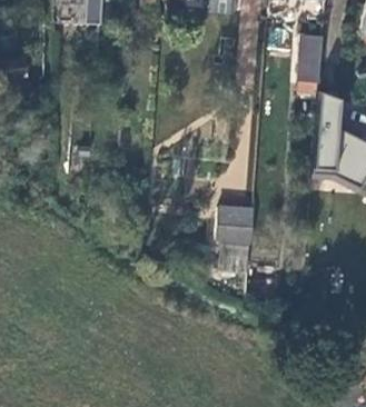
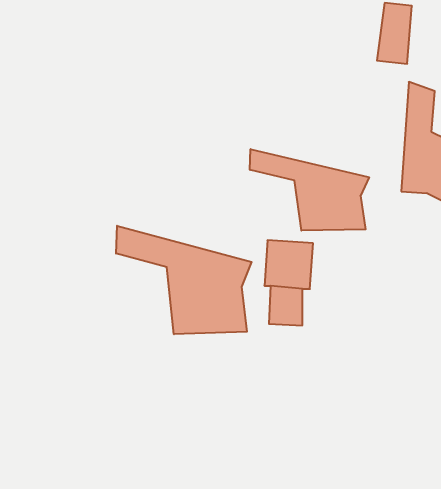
building: none -> [250,149,369,231]
building: none -> [116,226,252,334]

